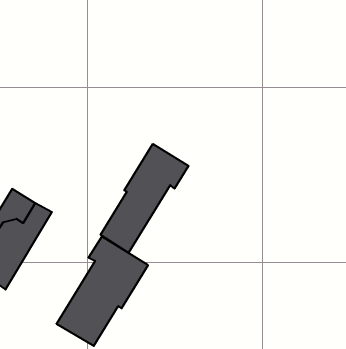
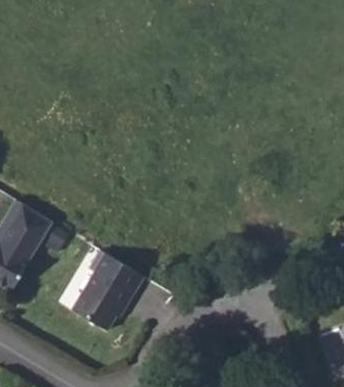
building: [101,144,188,253] -> none

